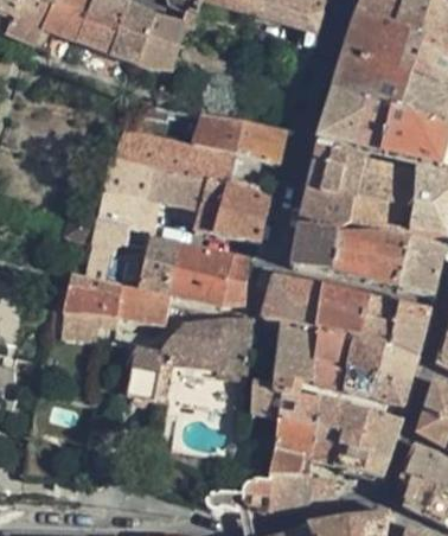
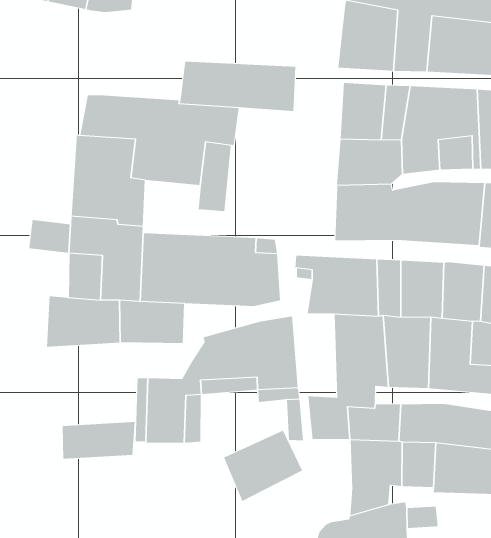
building: [215,181,271,241] -> none
building: [60,310,120,340] -> [62,422,135,459]
building: none -> [223,430,303,502]

